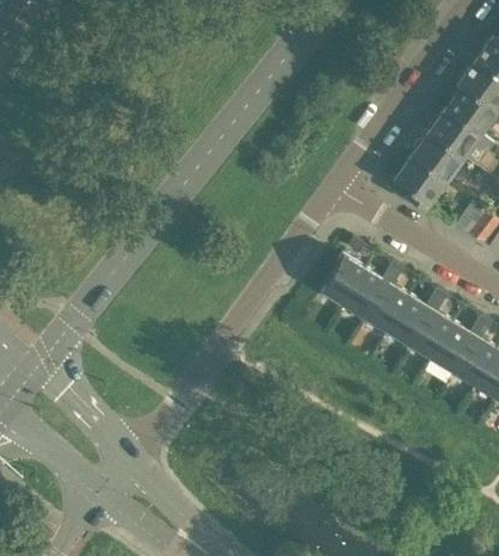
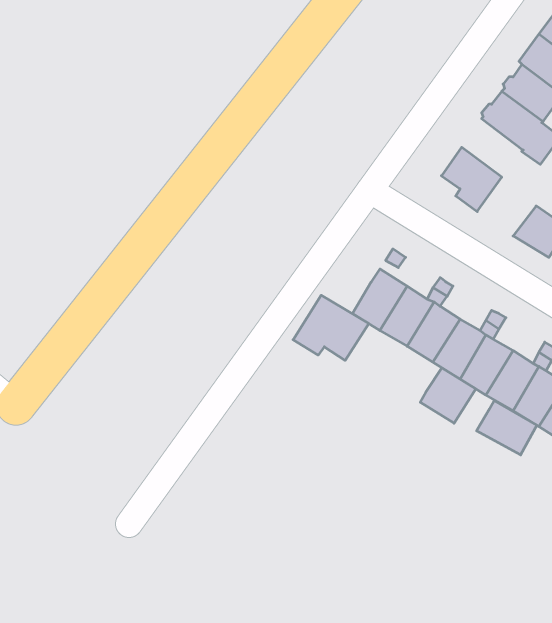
building: [412,130,463,179] -> none
building: none -> [293,295,369,360]
building: none -> [420,368,476,423]
building: none -> [477,401,537,455]

